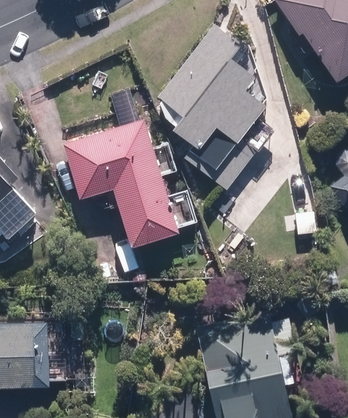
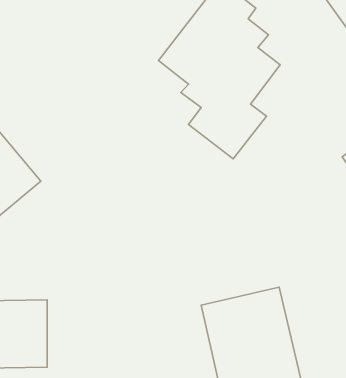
building: [59,117,183,247] -> none

